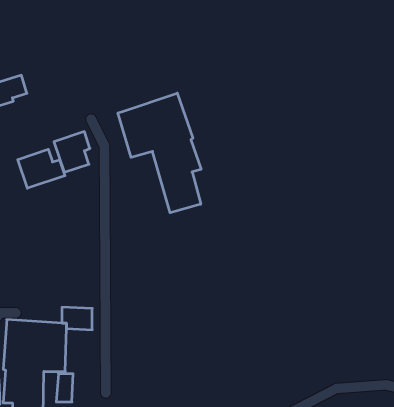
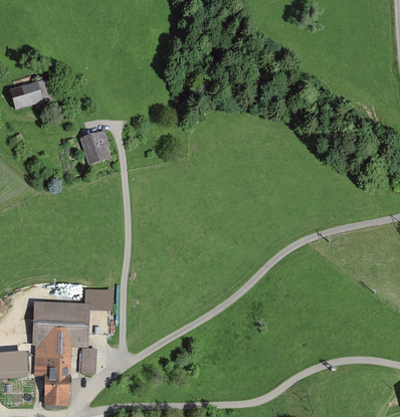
building: [118,93,201,213] -> none
building: [18,149,65,188] -> none

